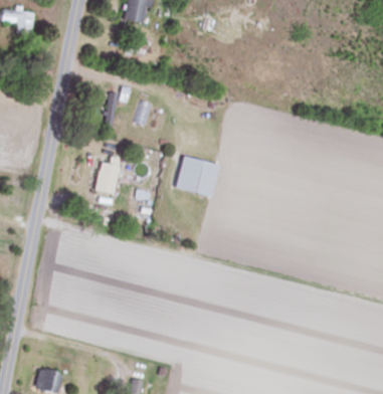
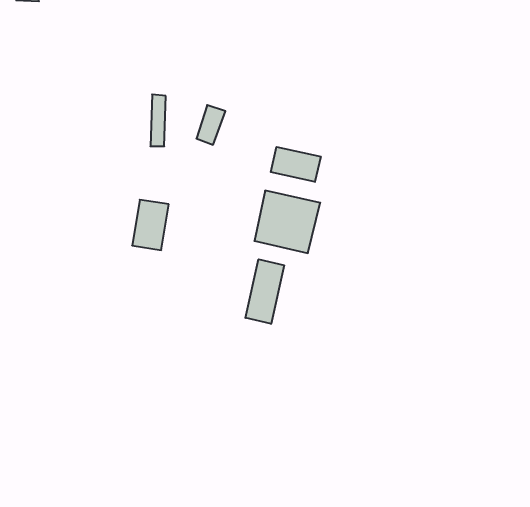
building: none -> [271,147,321,182]
building: none -> [245,259,284,324]

